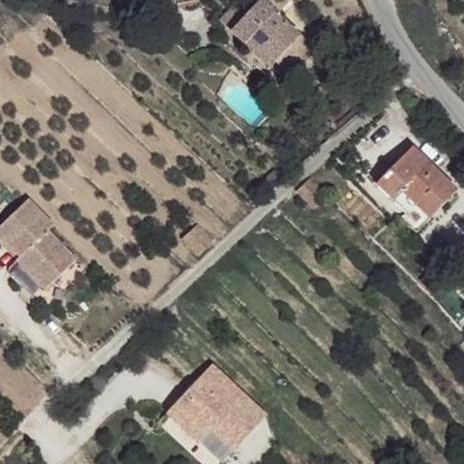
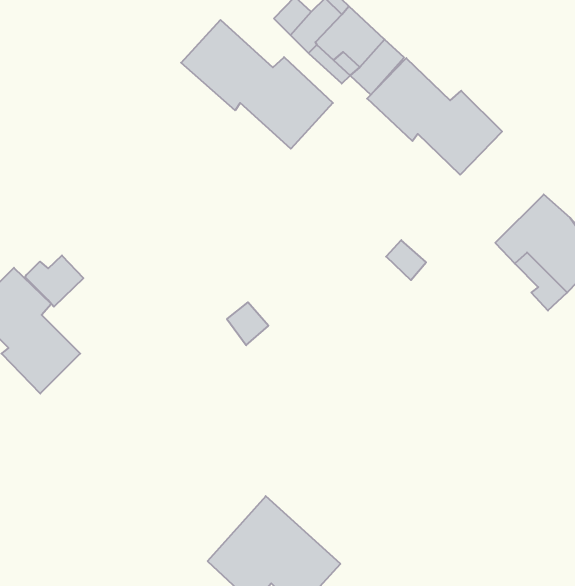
building: none -> [181,20,333,149]
building: none -> [367,58,502,175]
building: none -> [25,255,83,307]

